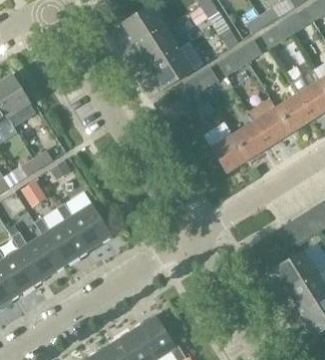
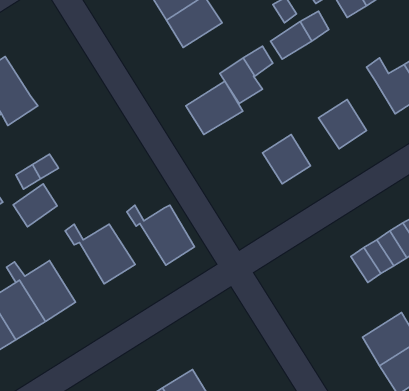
building: [148,48,193,89] -> [186,81,243,134]
building: [275,93,312,131] -> none
building: [232,121,269,158] -> none
building: [35,218,87,264] -> [127,205,194,265]
building: [273,251,317,291] -> none

